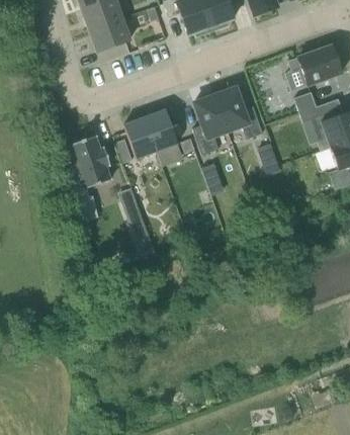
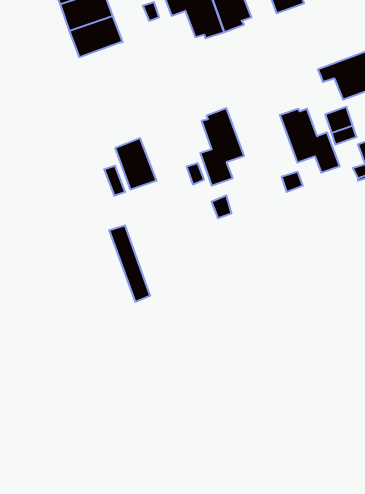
building: [214,87,263,139] -> [280,109,340,173]
building: [145,109,178,151] -> none
building: [70,136,111,221] -> none

